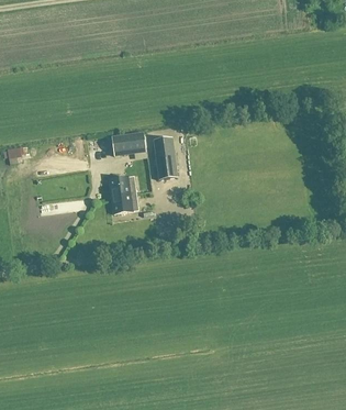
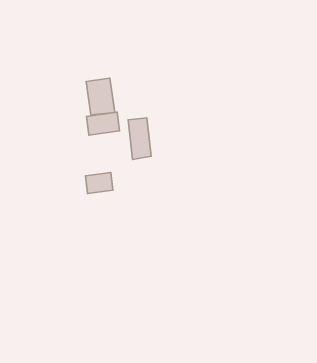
building: none -> [86,78,115,115]
building: [109,174,136,195] -> none

